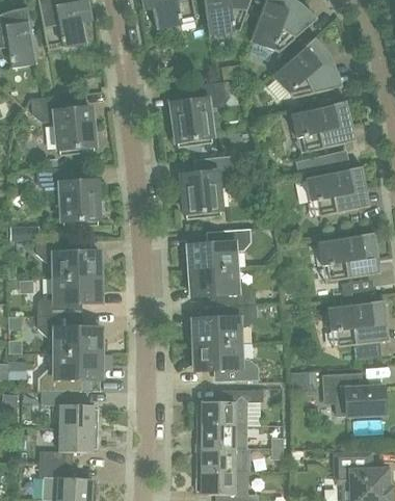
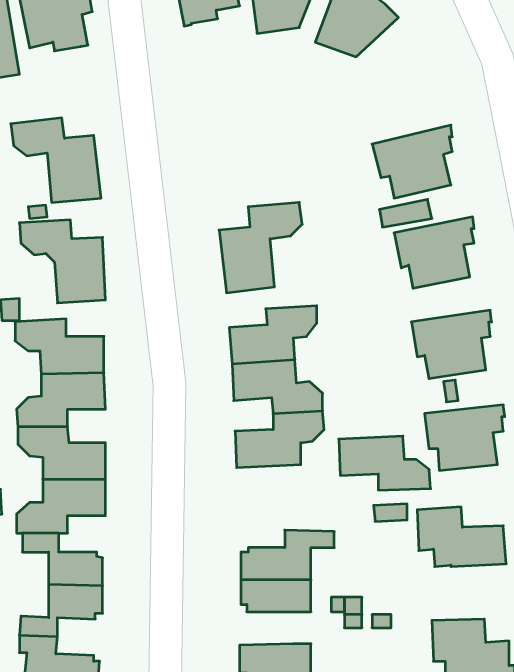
building: [271,36,333,97] -> none
building: [172,81,230,148] -> none
building: [193,342,259,380] -> [339,436,431,490]
building: [195,447,246,471] -> none

